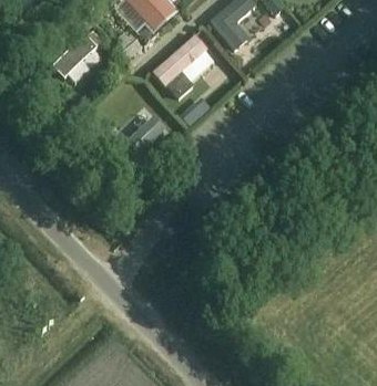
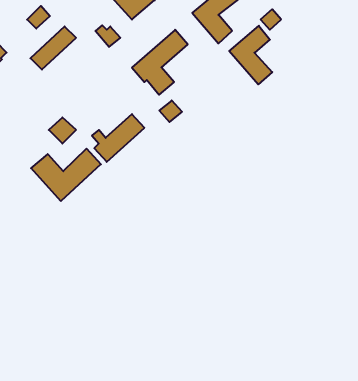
building: none -> [229,26,272,84]
building: none -> [31,149,101,201]

